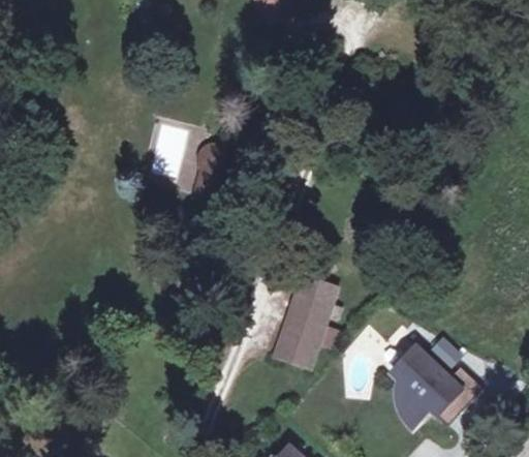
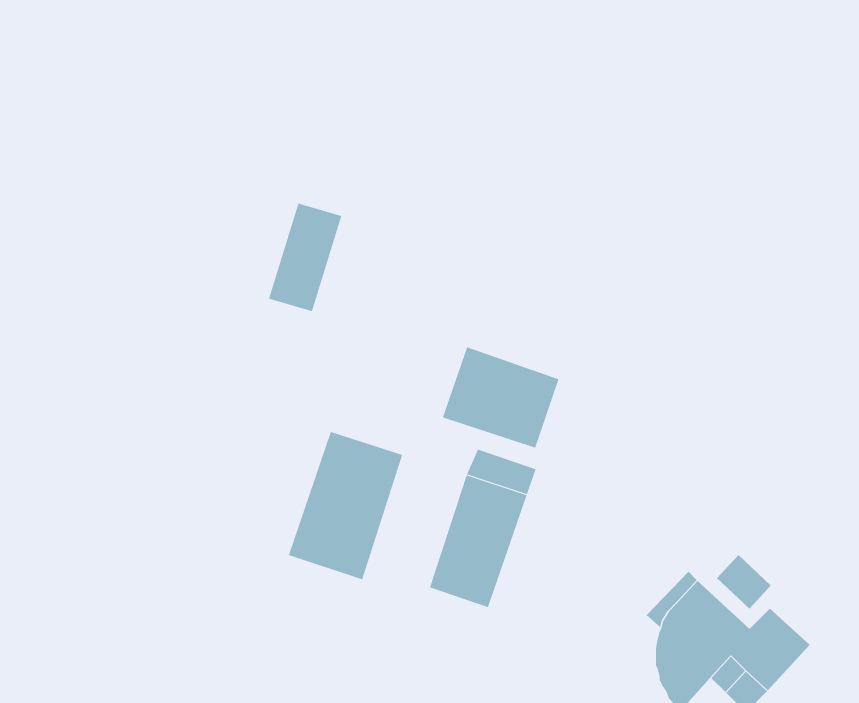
building: none -> [442,347,559,448]
building: none -> [288,431,403,580]

